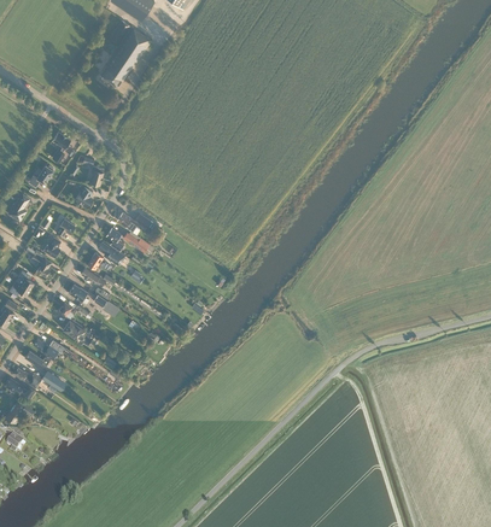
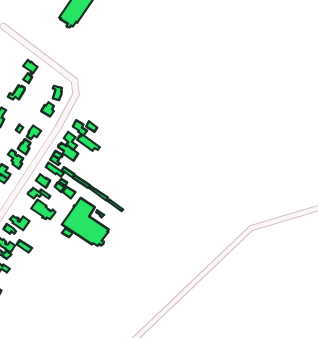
building: none -> [62,198,109,246]

